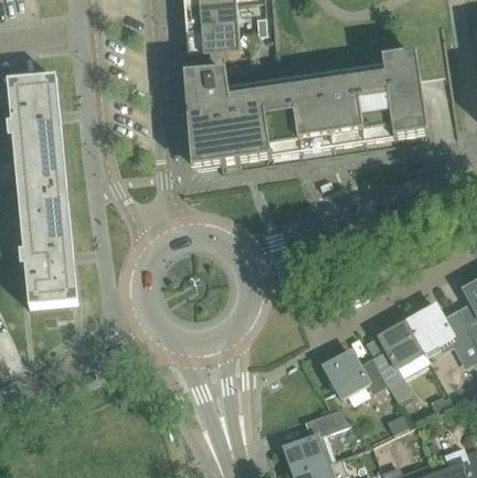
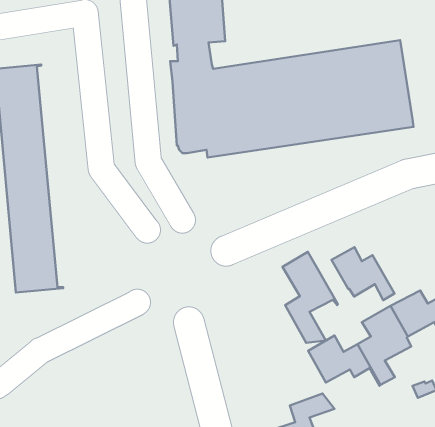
building: none -> [332,247,394,300]
building: none -> [282,252,338,343]

